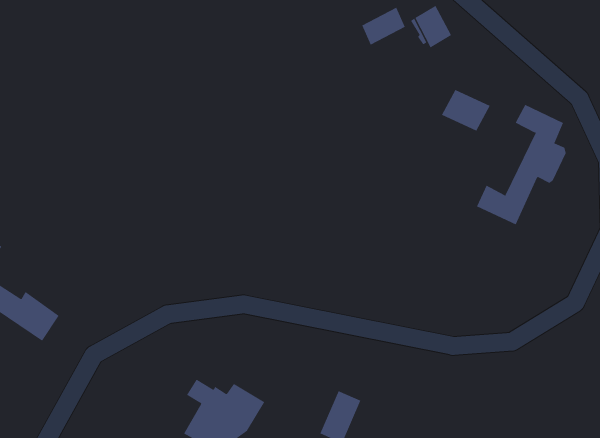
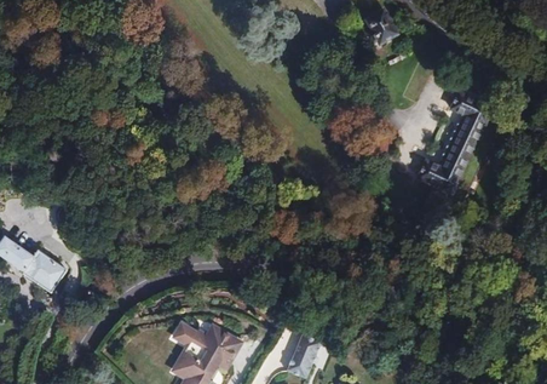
building: [362,7,405,46] -> none
building: [441,89,491,132] -> none

